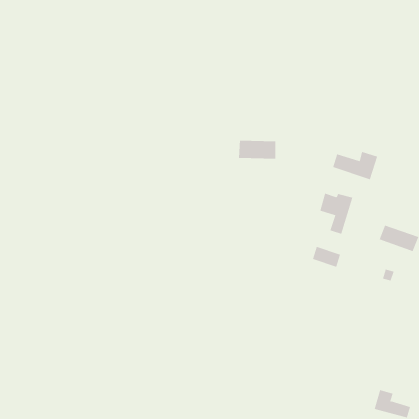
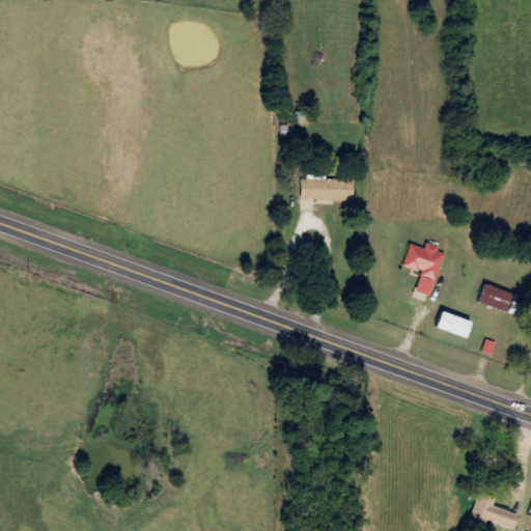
building: [332,151,378,180] -> none
building: [312,246,341,268] -> [436,311,472,338]

